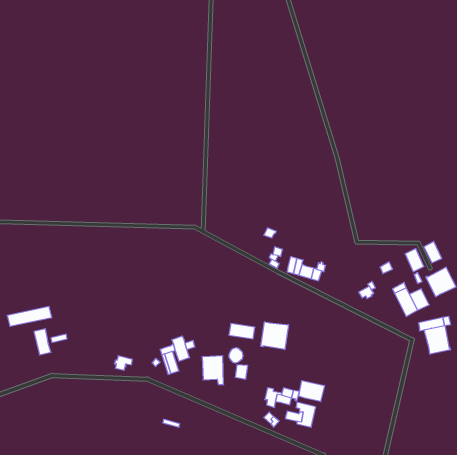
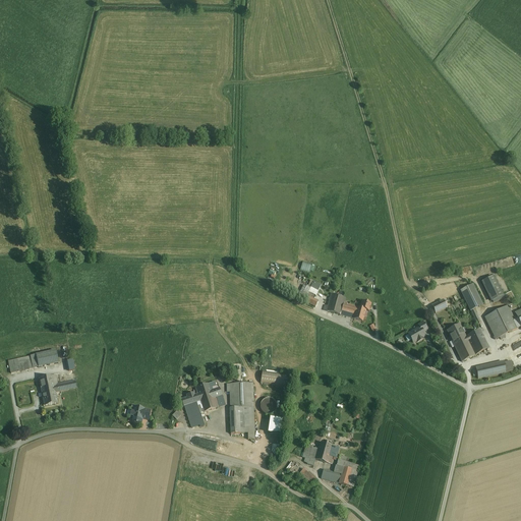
building: [261,322,288,350] -> none
building: [424,325,450,354] -> none
building: none -> [227,382,253,406]
building: [299,381,324,402] -> none

